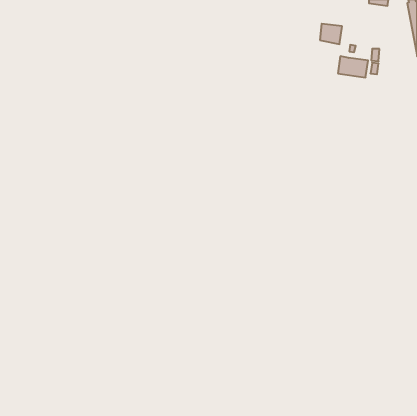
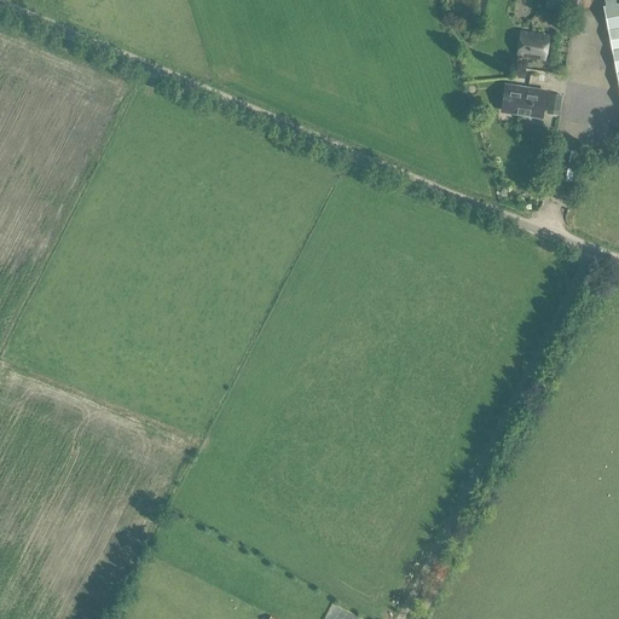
building: [320,24,342,44] -> [519,29,551,59]

